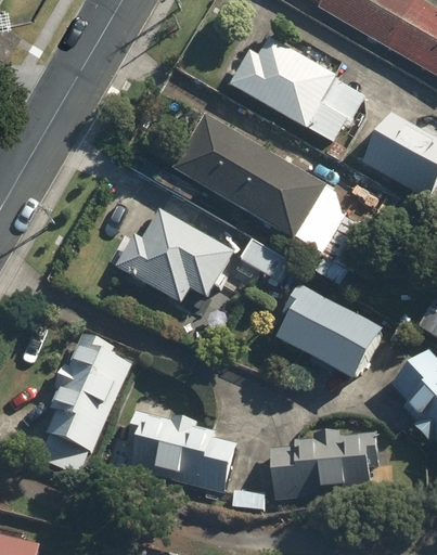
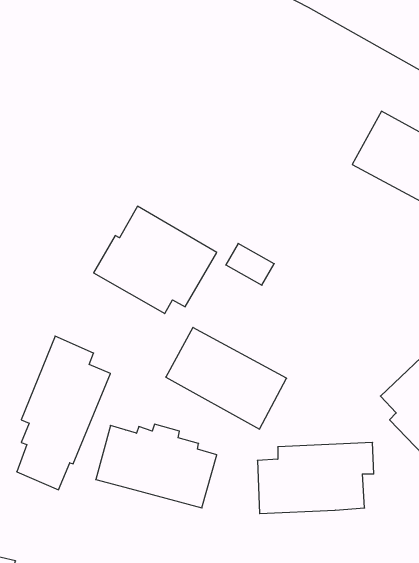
building: [233,31,363,143] -> none
building: [173,113,330,240] -> none
building: [273,283,389,380] -> [166,327,287,429]

